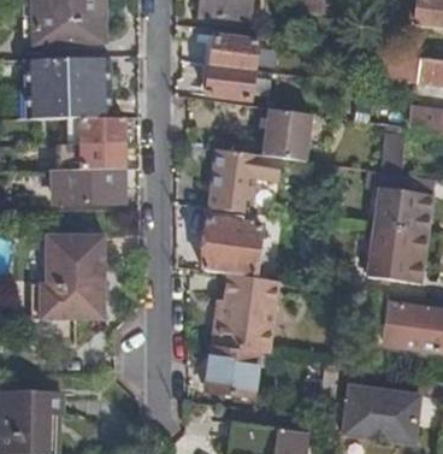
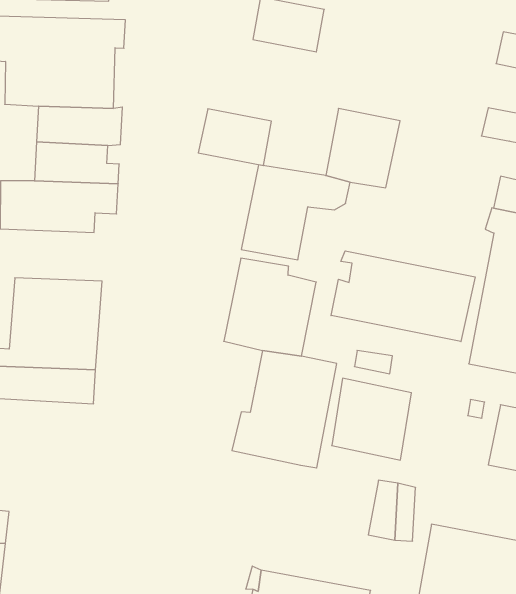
building: [205,65,253,101] -> [198,109,271,166]
building: none -> [331,251,475,342]
building: [206,343,258,396] -> [332,378,411,460]

